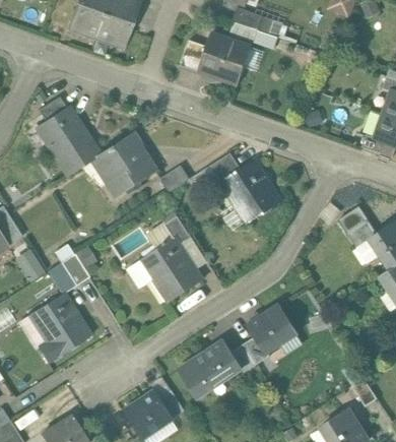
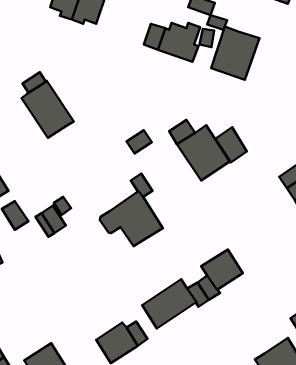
building: none -> [211,27,259,80]
building: [91,132,156,197] -> none
building: none -> [215,127,247,162]
building: [29,292,91,363] -> none

